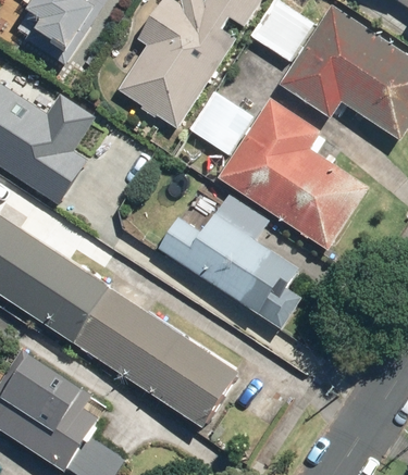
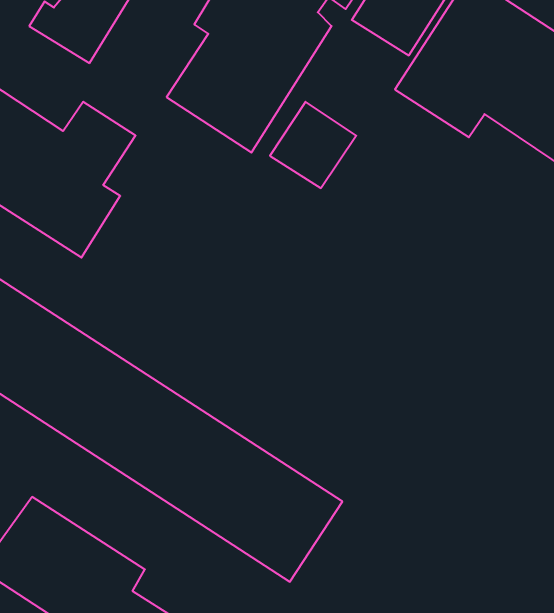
building: [219,99,369,248] -> none
building: [157,192,302,328] -> none

